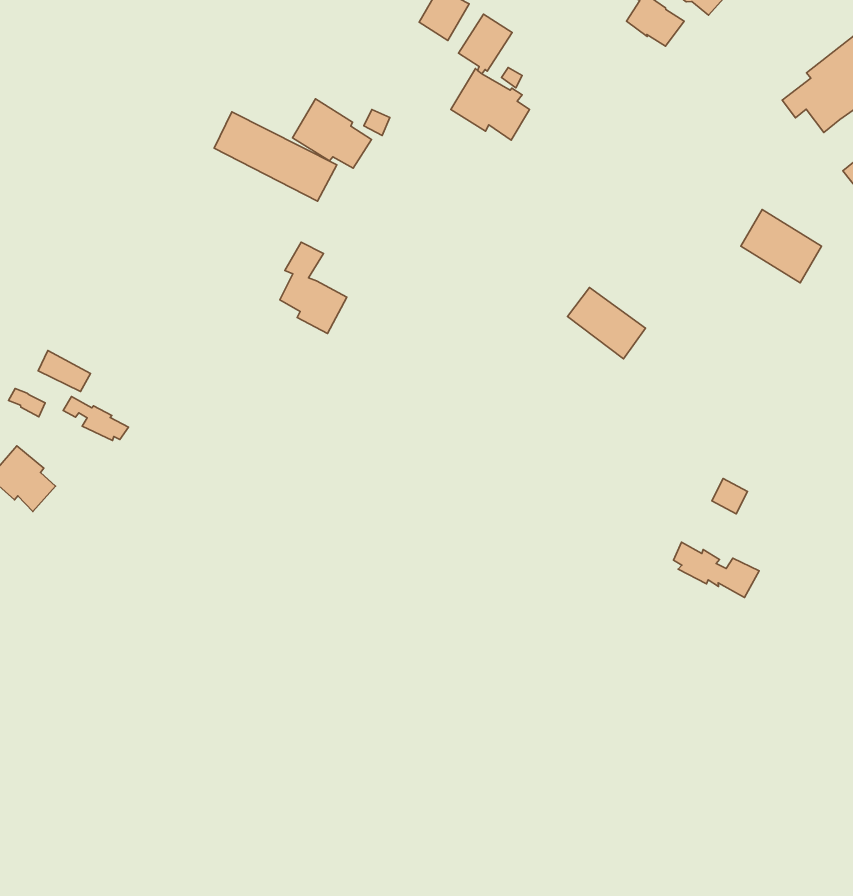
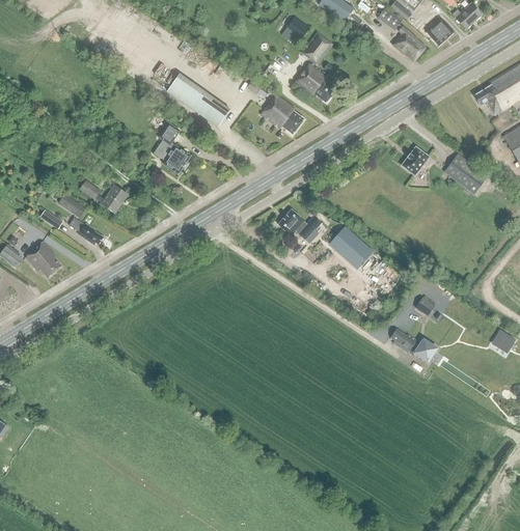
building: [292,99,371,168] -> [261,94,303,134]
building: none -> [401,147,428,175]
building: [280,242,347,334] -> [154,123,190,174]
building: [567,287,645,359] -> [332,225,374,266]
building: none -> [79,180,127,214]
building: none -> [277,209,320,240]

